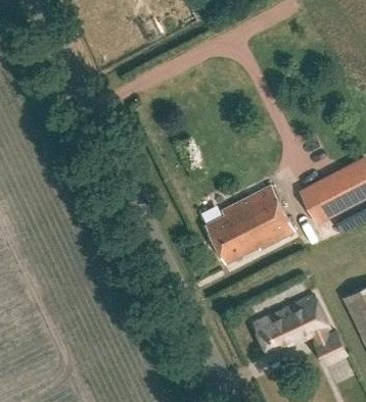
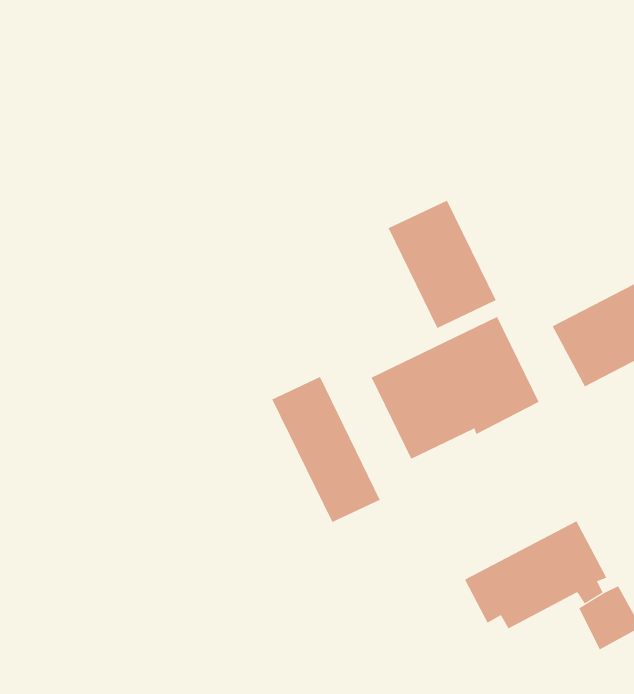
building: none -> [388,200,496,329]
building: none -> [271,376,381,523]

